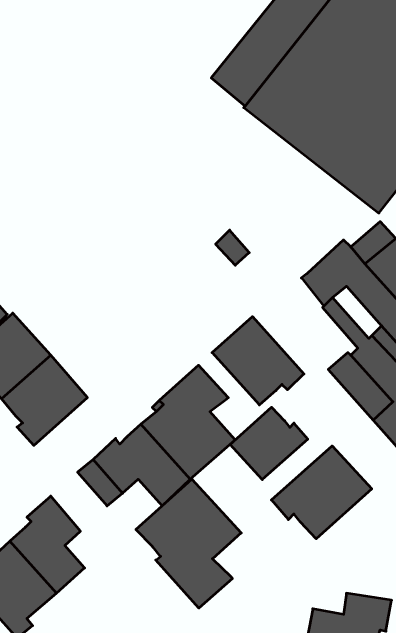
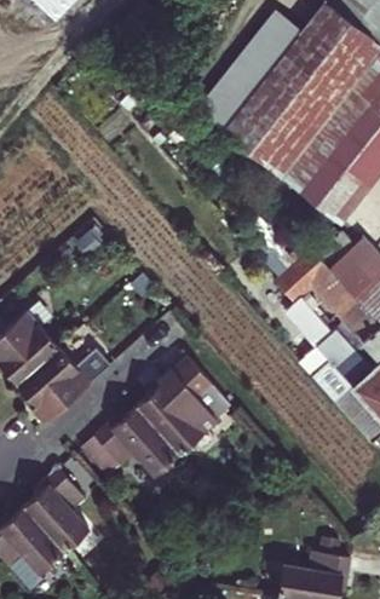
building: [212,317,304,405] -> none
building: [230,407,308,480] -> none
building: [271,446,372,539] -> none
building: [136,479,241,608] -> none

